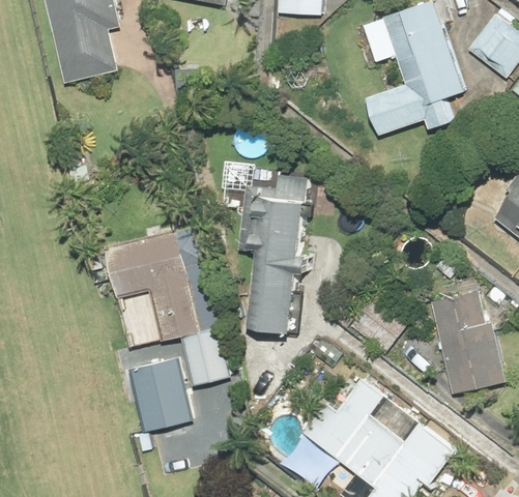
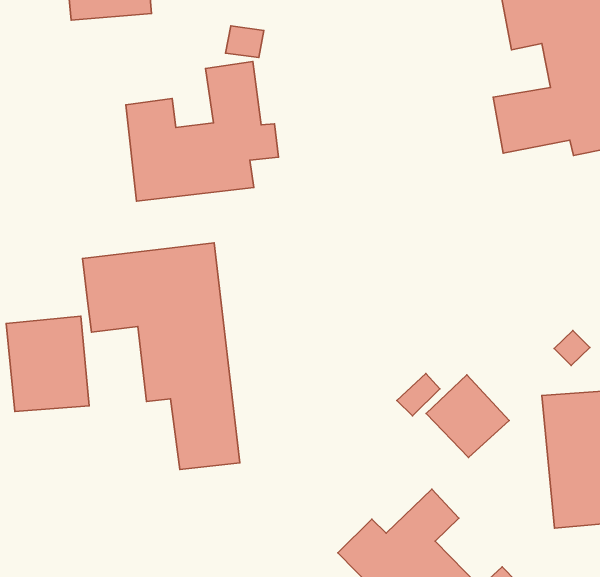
building: none -> [126,61,279,201]
building: [239,174,313,330] -> none
building: [120,359,186,433] -> [6,316,89,412]

